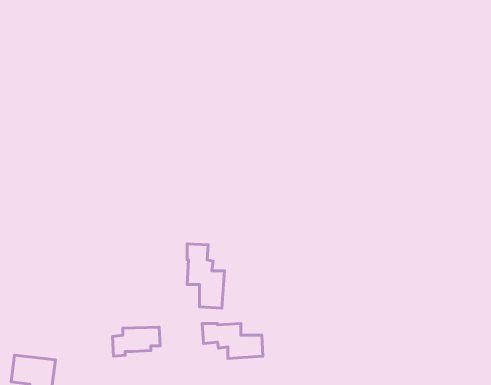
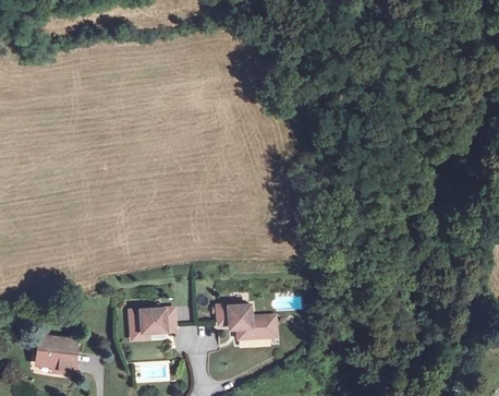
building: [187,244,224,308] -> none

